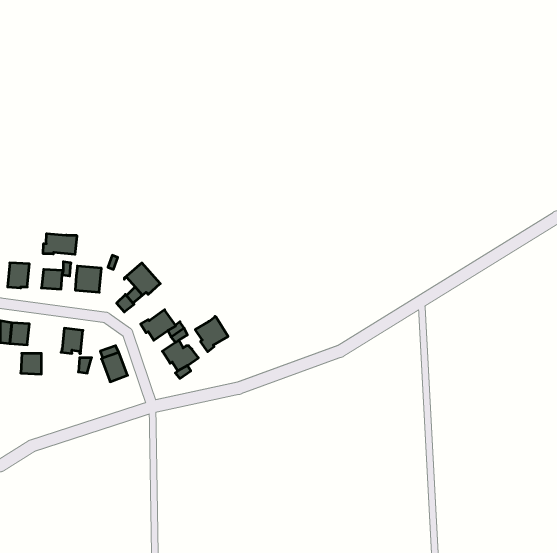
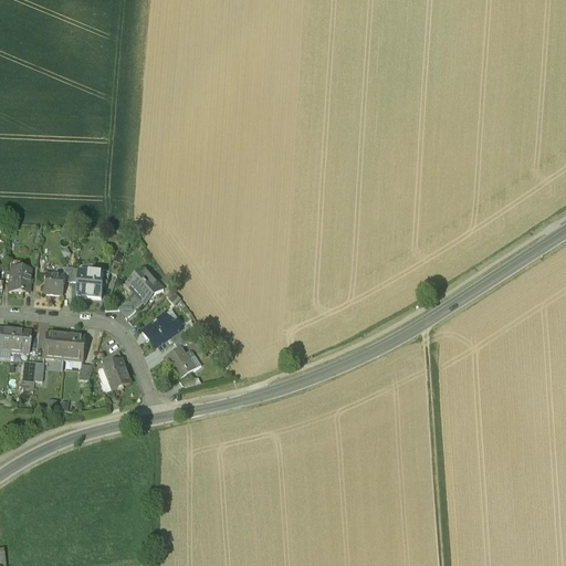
building: [43,234,77,254] -> none
building: [195,316,228,352] -> none
building: none -> [43,331,65,355]

